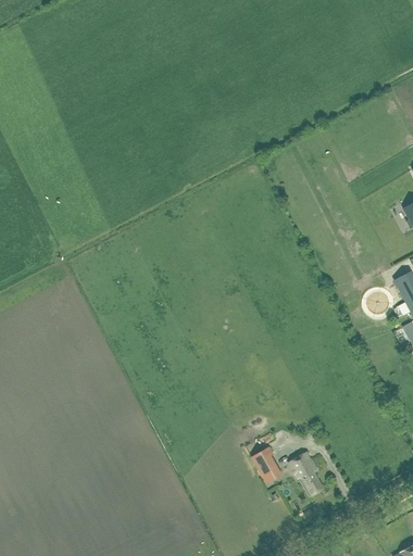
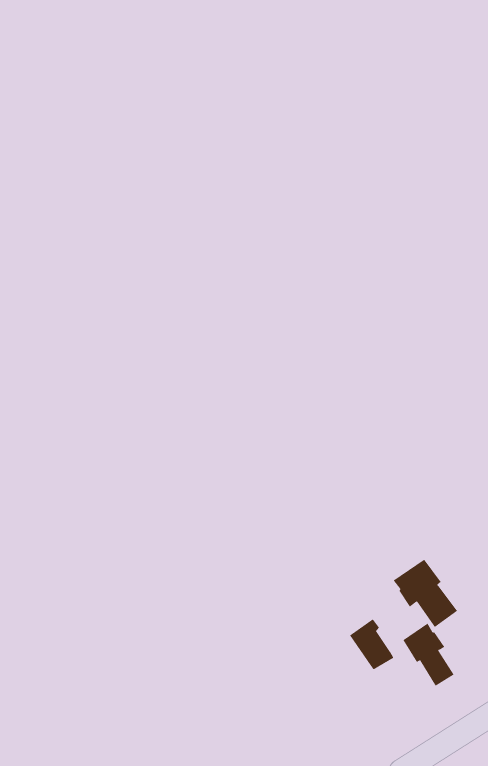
building: none -> [393,559,458,628]

